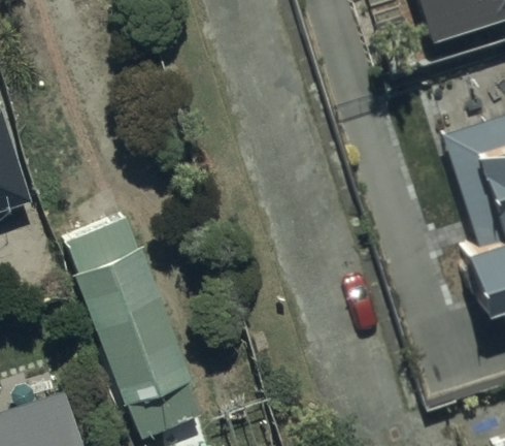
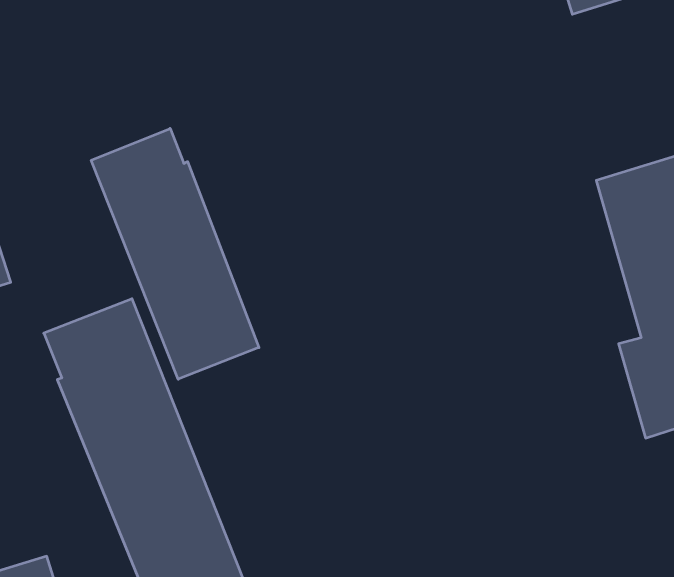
building: none -> [91,128,259,379]

